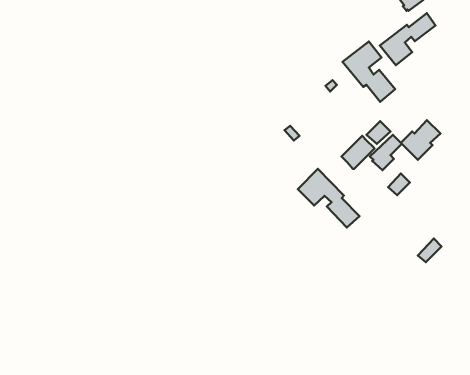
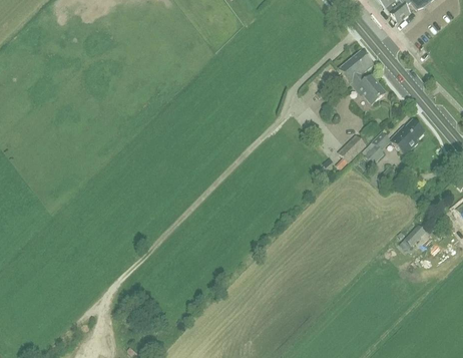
building: [380,13,435,65] -> none
building: [298,169,359,227] -> none

